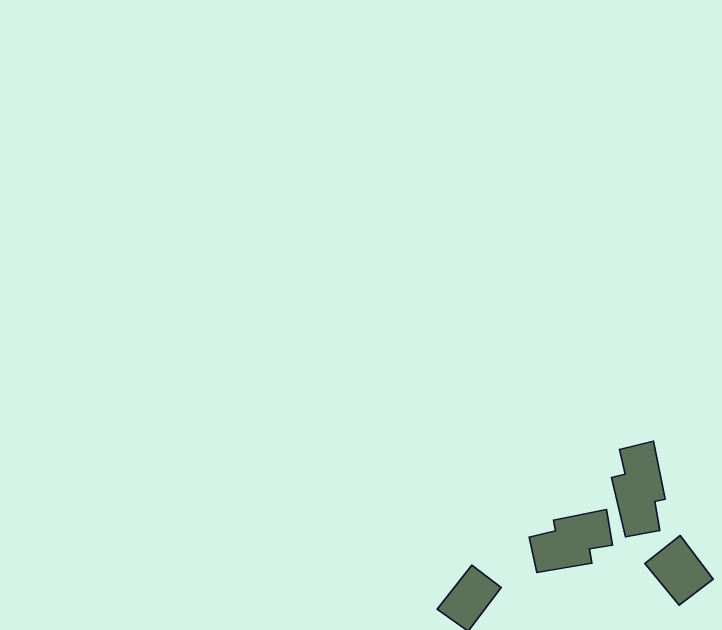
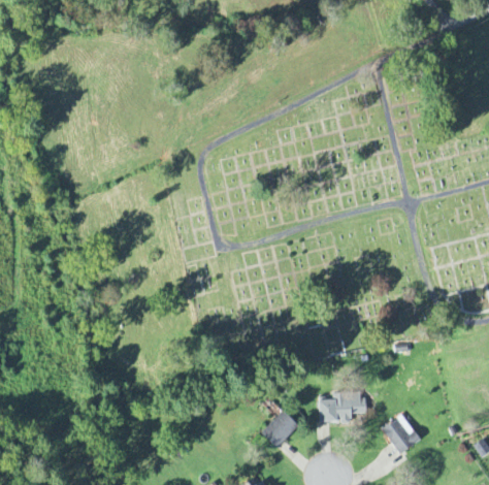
building: [612,441,665,537] -> none

